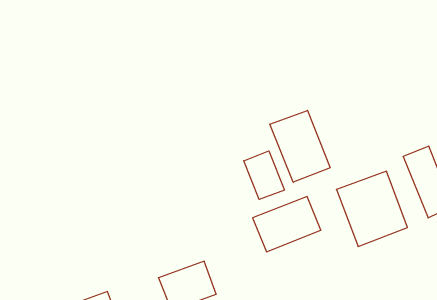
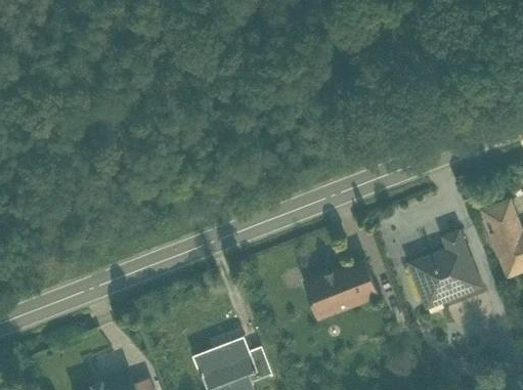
building: [270,110,330,182] -> none
building: [244,151,285,199] -> none

